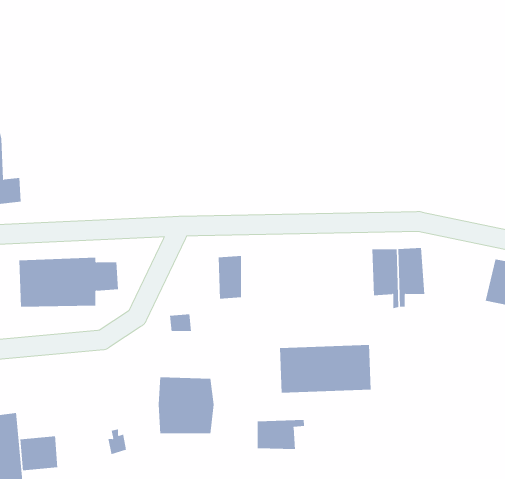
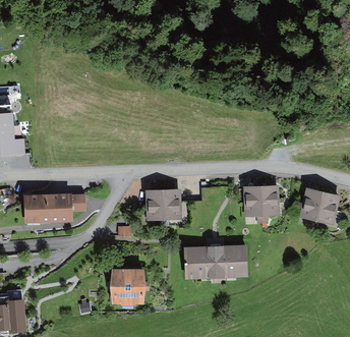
building: none -> [302,189,323,219]
building: none -> [164,190,179,217]
building: [257,419,305,450] -> none
building: [20,436,58,471] -> none

